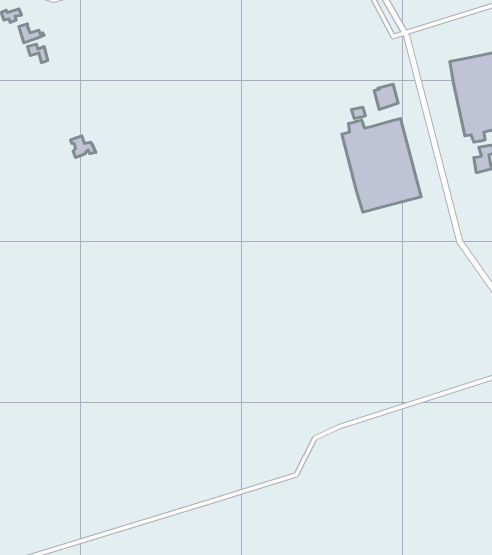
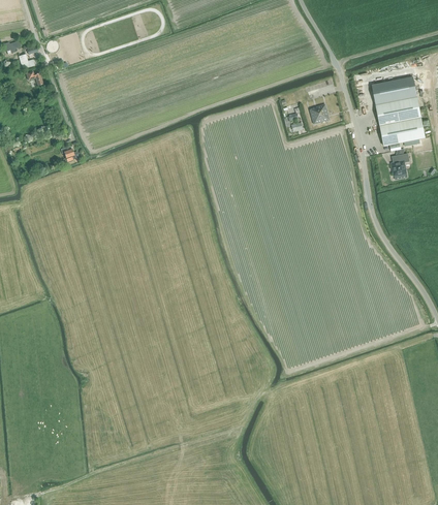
building: [342,119,421,212] -> none

